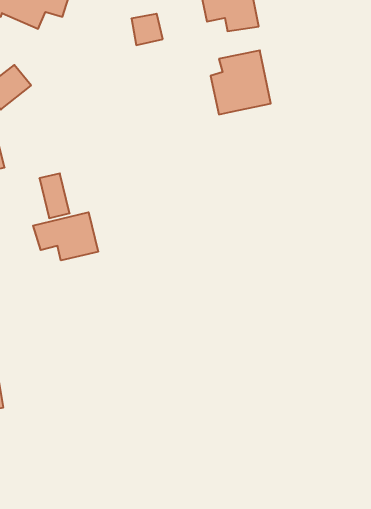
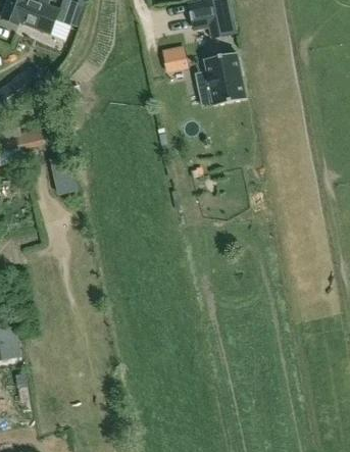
building: [131,14,163,45] -> [161,46,188,72]
building: [33,212,98,260] -> none

